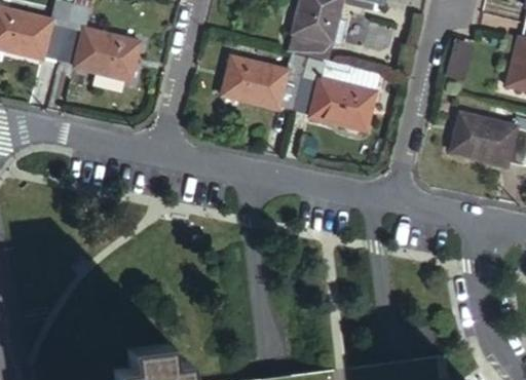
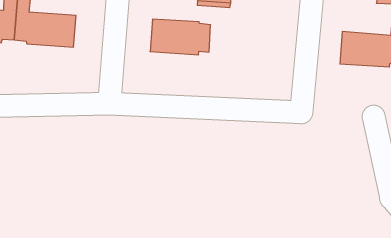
building: [293,77,372,129] -> none

